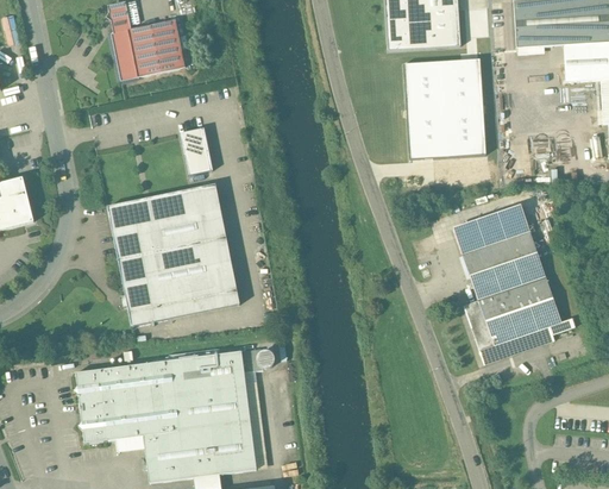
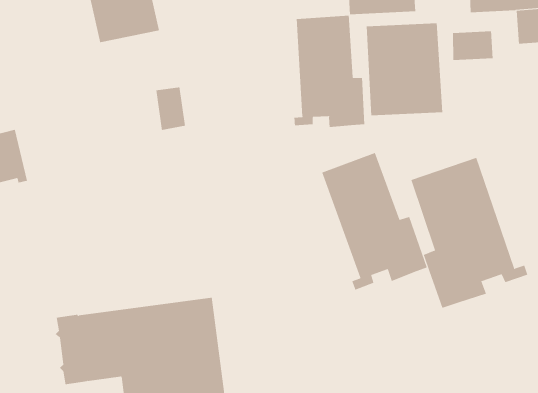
building: none -> [294,15,365,128]
building: none -> [452,31,493,61]
building: [107,183,240,325] -> none
building: none -> [321,152,428,290]

